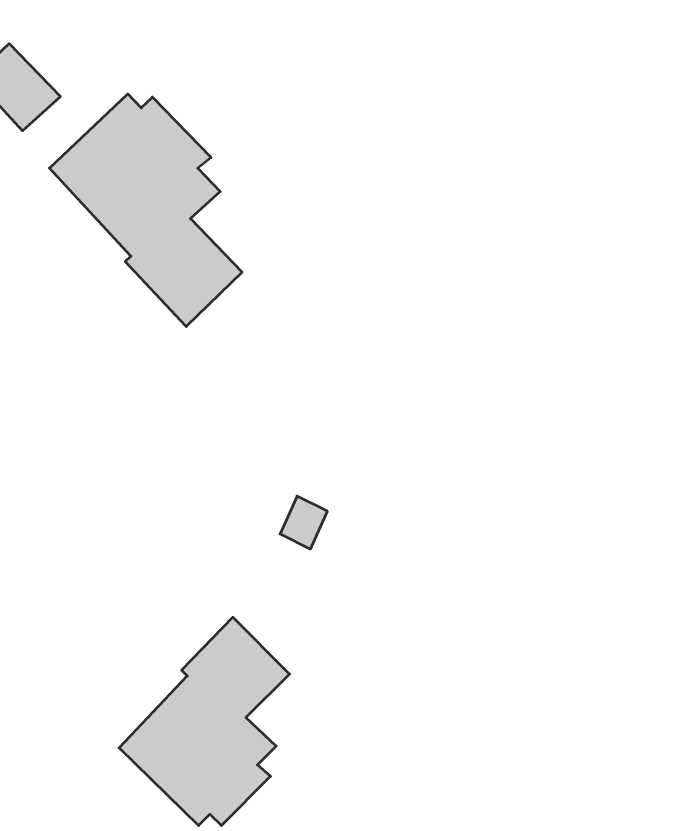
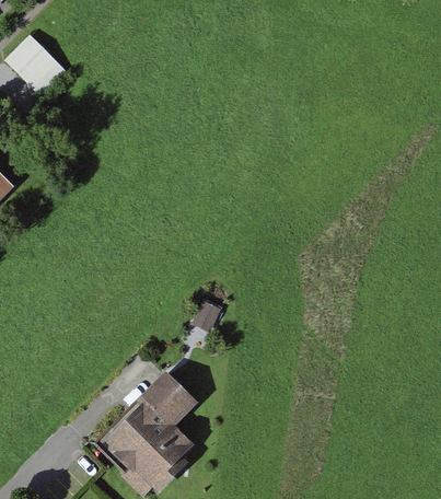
building: [49,94,242,327] -> none

